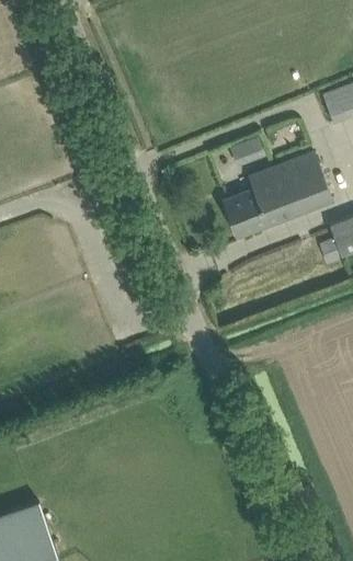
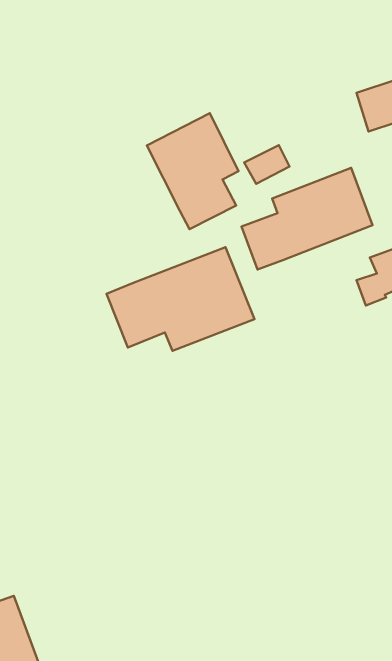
building: none -> [147,113,239,229]
building: none -> [106,247,254,351]

